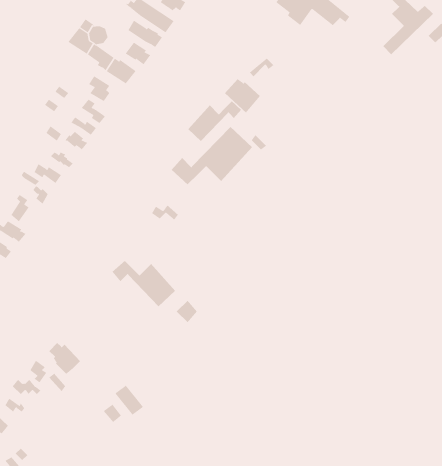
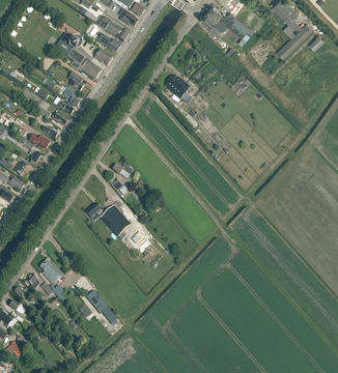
building: [187,101,242,142] -> none
building: [171,126,253,185] -> none

